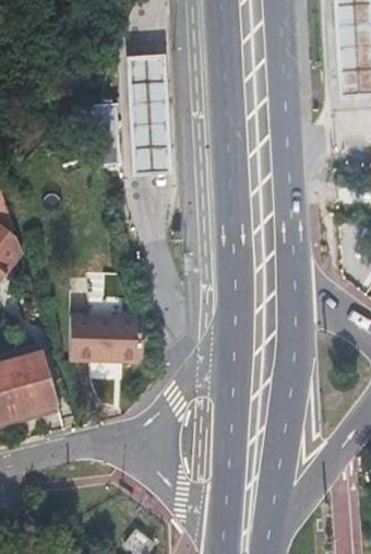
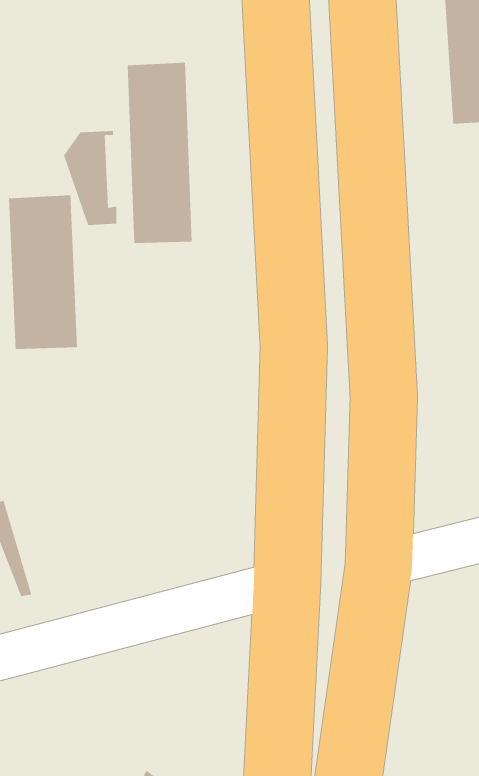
building: none -> [8,195,78,350]
building: [69,315,141,361] -> none

